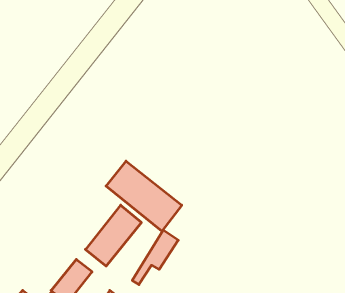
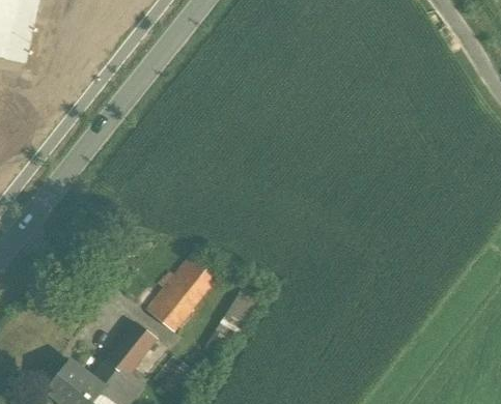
building: [106,161,182,231] -> none

